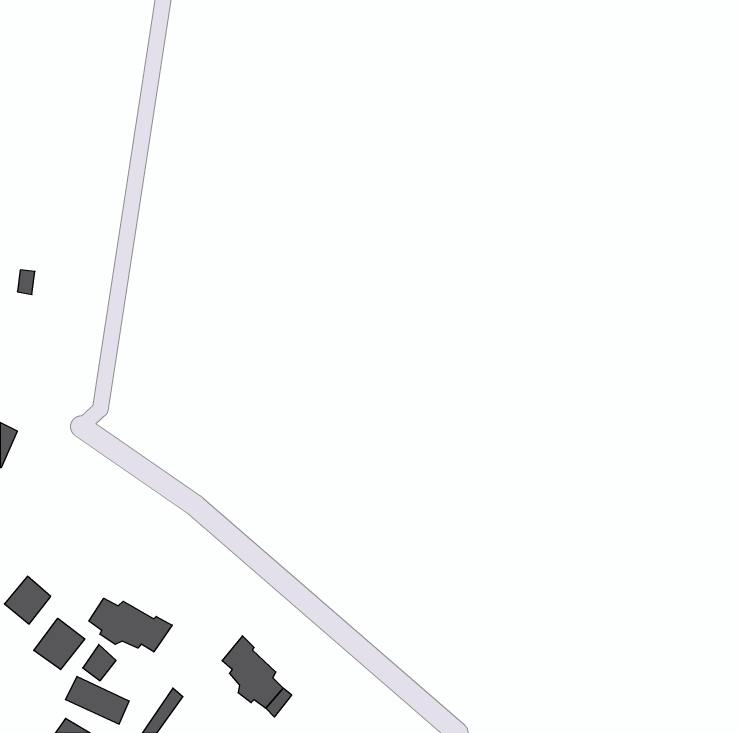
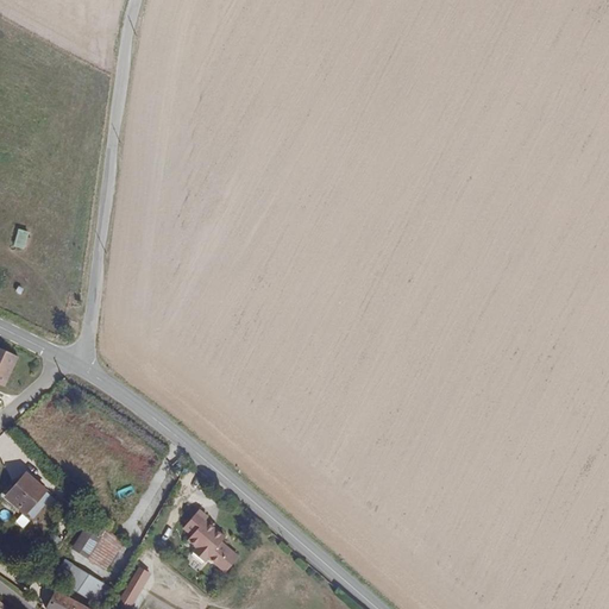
building: [89,598,172,652] -> none
building: [34,618,85,670] -> none

